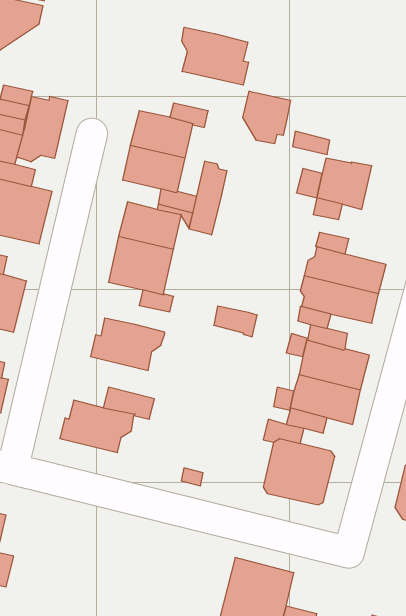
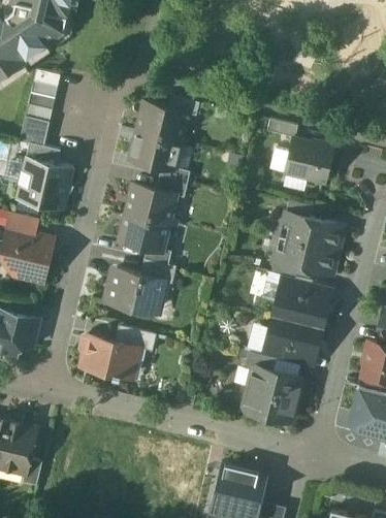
building: [182,27,248,85] -> none
building: [243,91,291,144] -> none
building: [17,96,68,162] -> none
building: [189,161,227,235] -> none
building: [214,306,257,337] -> [140,260,175,285]

